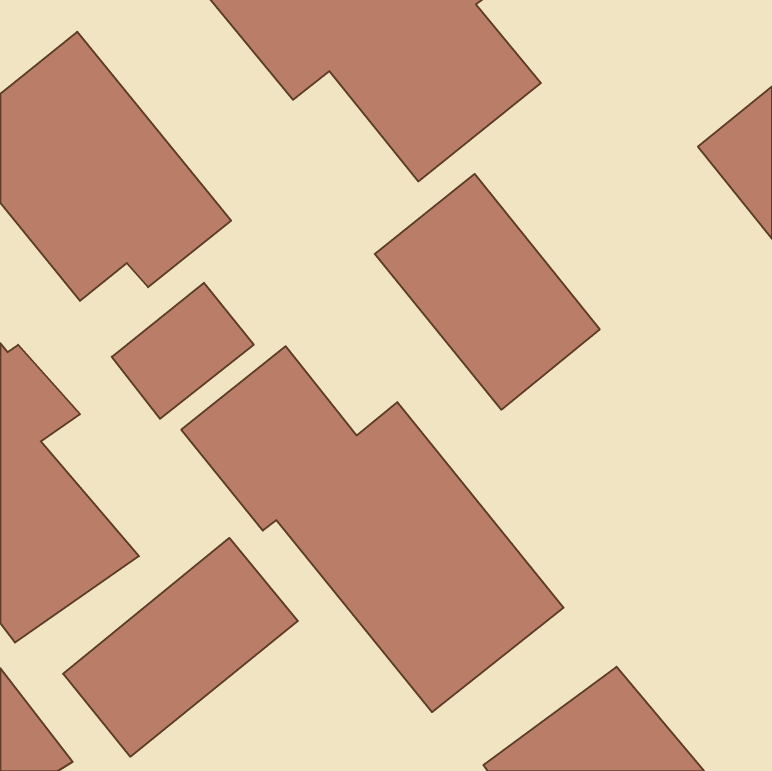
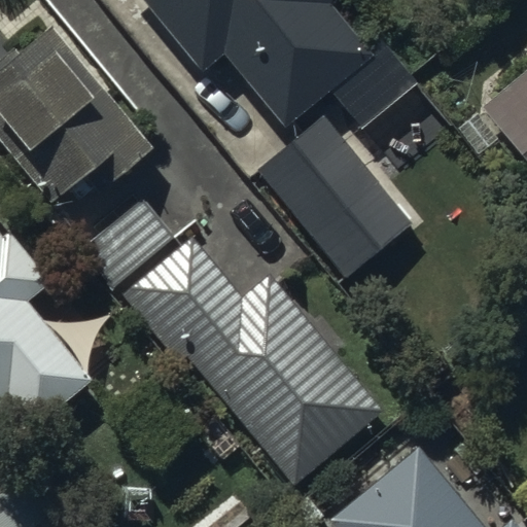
building: [63,538,298,757] -> none

